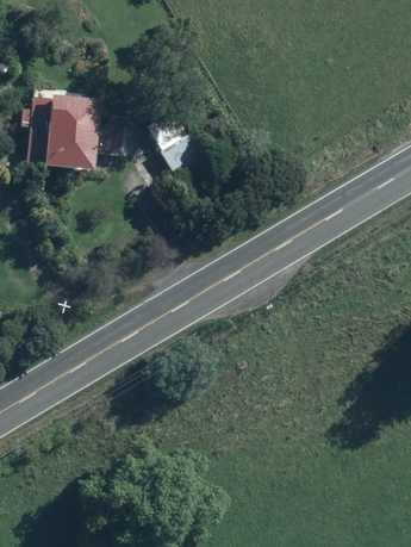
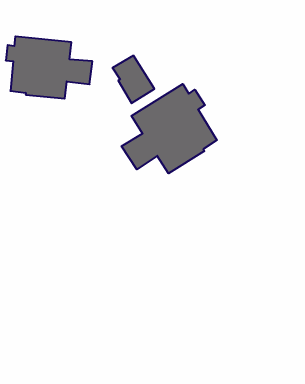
building: none -> [122,84,217,173]

